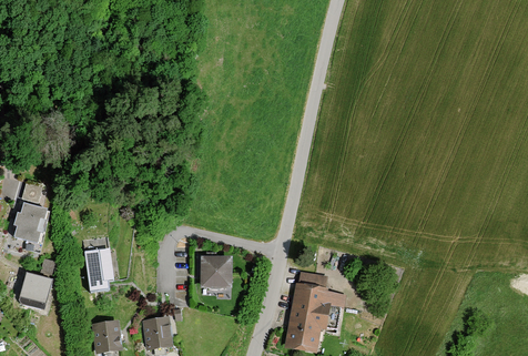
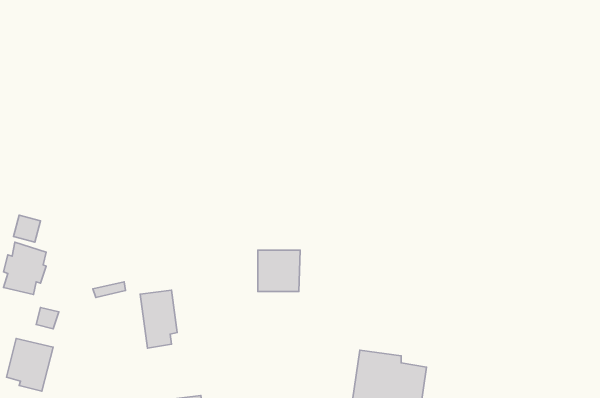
building: [85,244,114,289] -> [140,290,177,348]
building: [201,253,234,285] -> [258,250,300,291]

